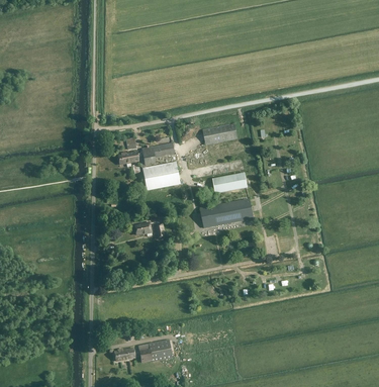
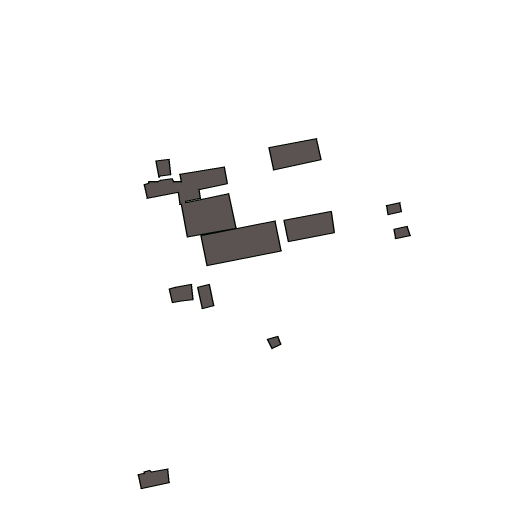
building: [199,197,254,227] -> [201,221,281,266]
building: [137,338,172,361] -> none

